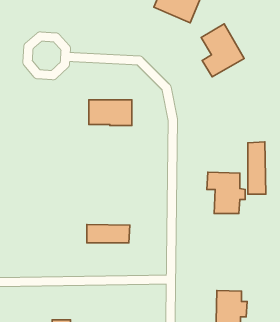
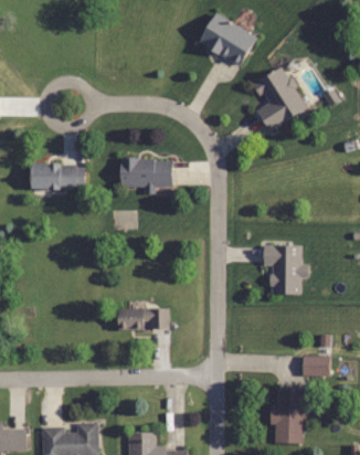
building: none -> [30,163,85,189]
building: [248,142,266,194] -> none
building: none -> [303,357,329,377]

